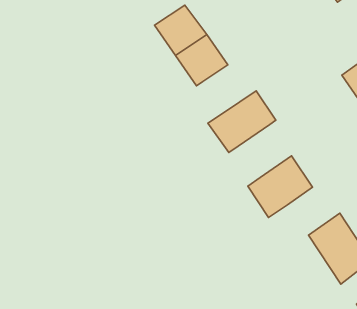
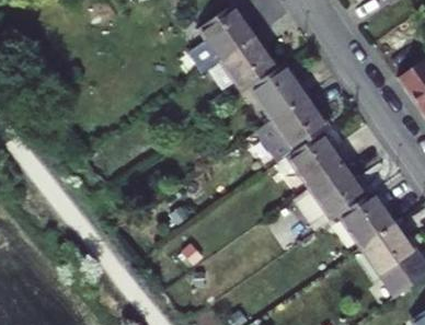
building: none -> [251,63,307,119]
building: none -> [288,131,344,187]
building: none -> [340,191,394,247]

